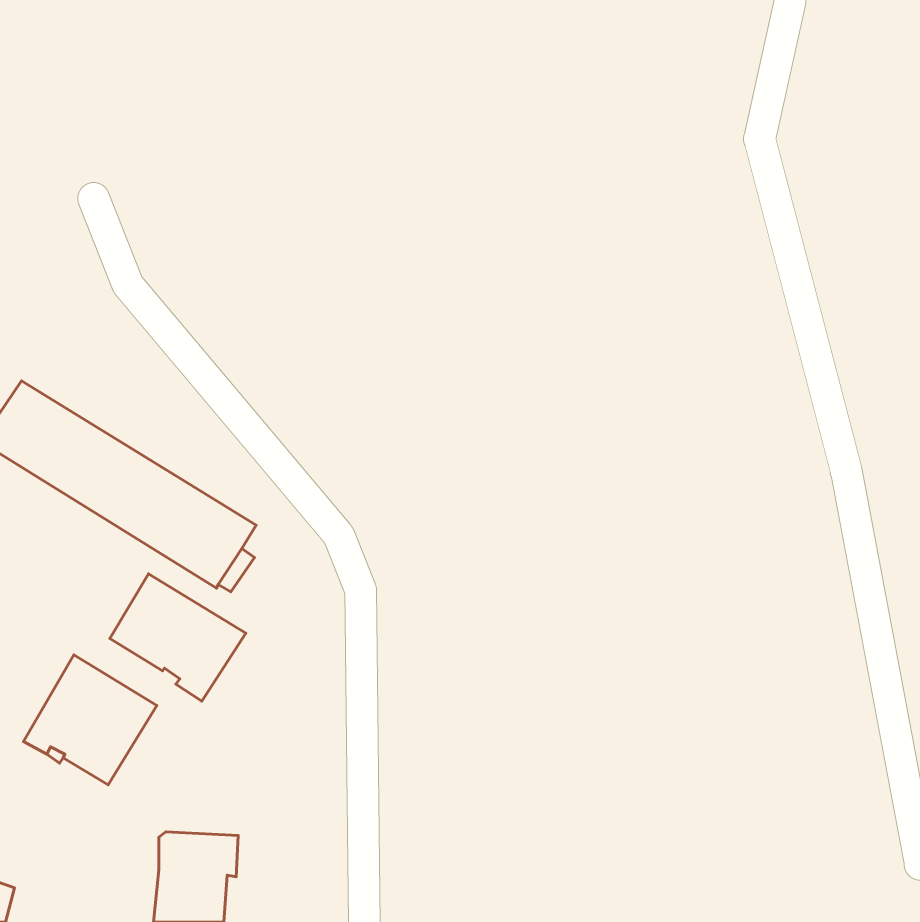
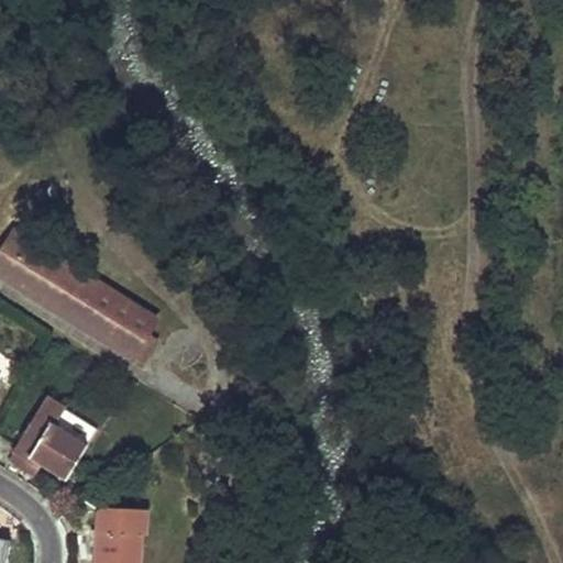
building: [110,574,246,701] -> none

